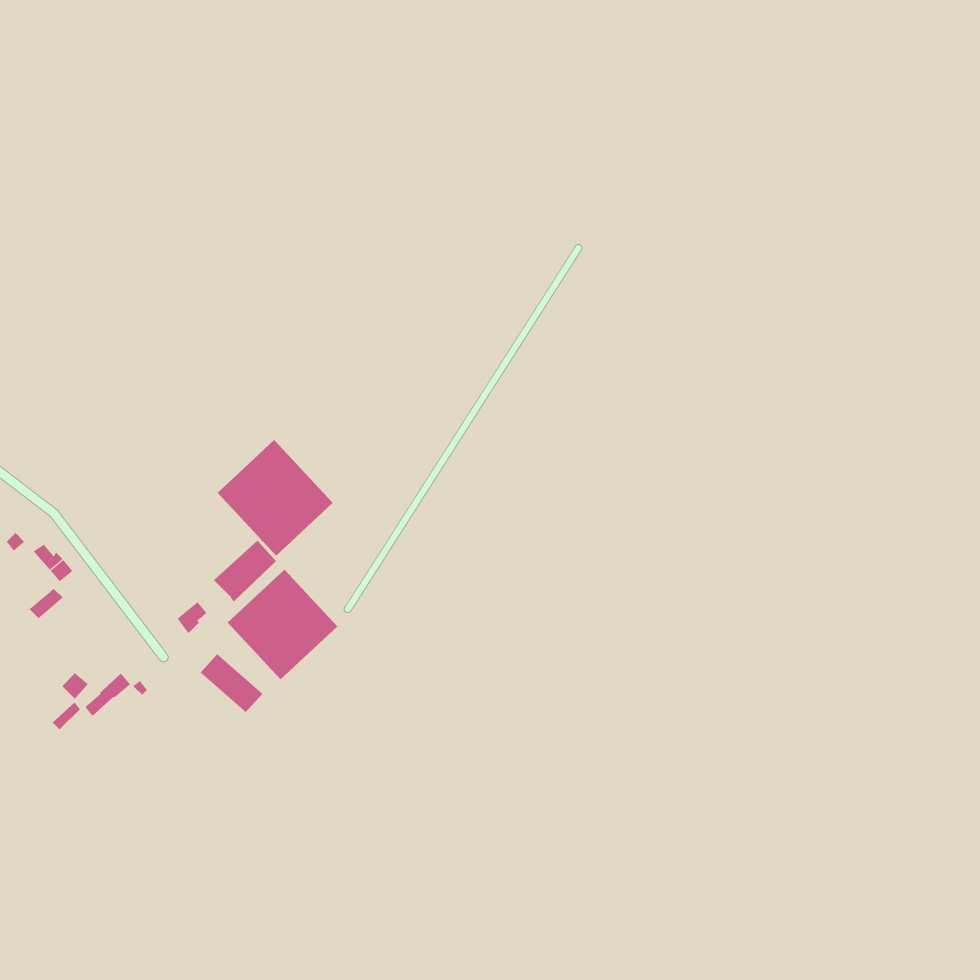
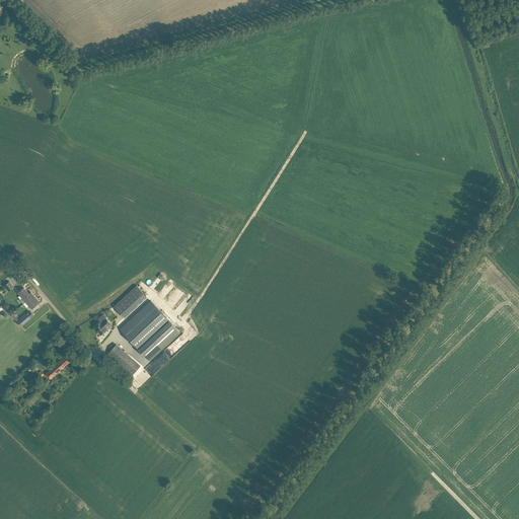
building: [217,439,334,556] -> none

